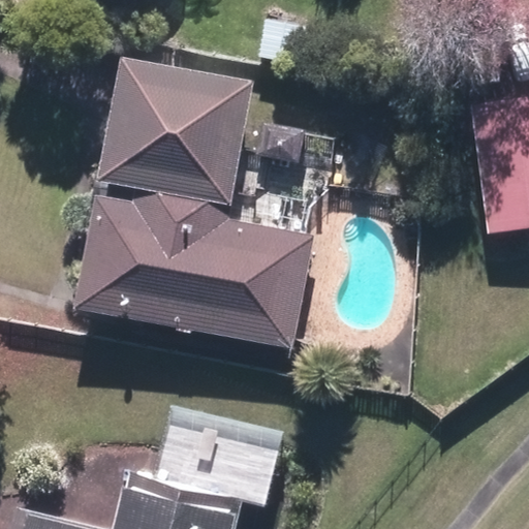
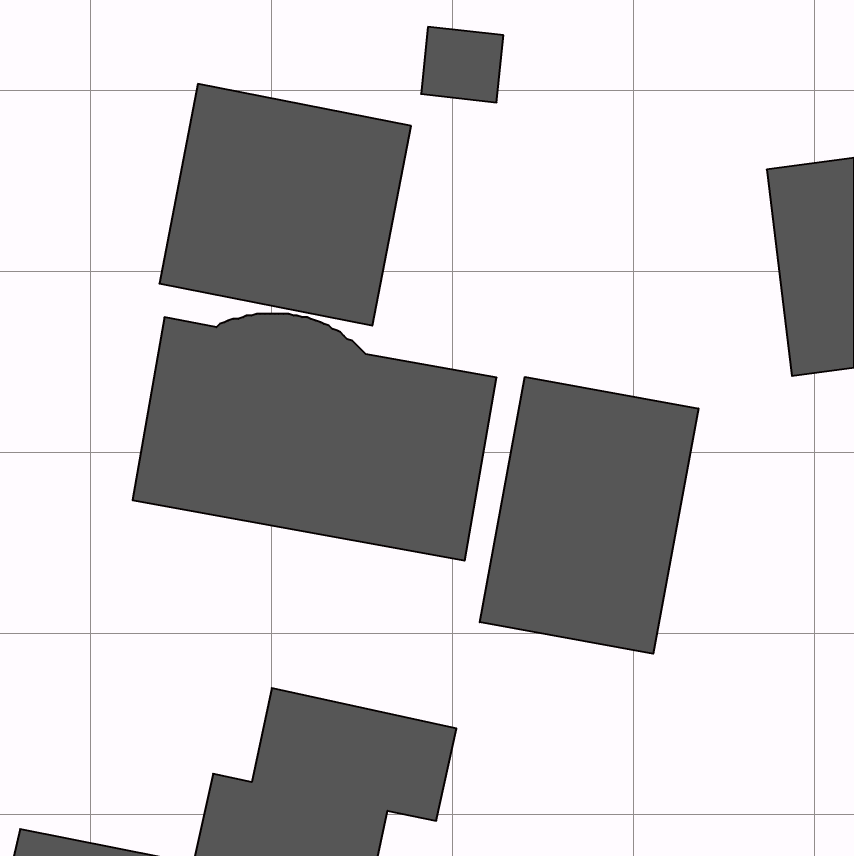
building: none -> [480,377,698,654]

